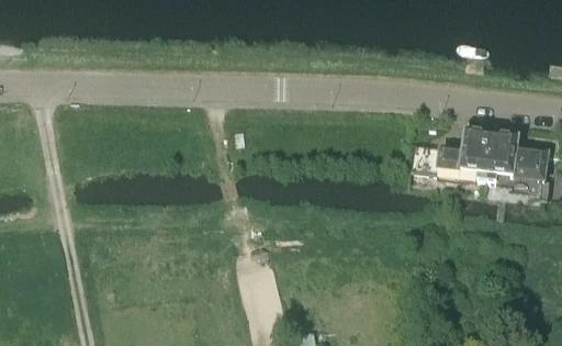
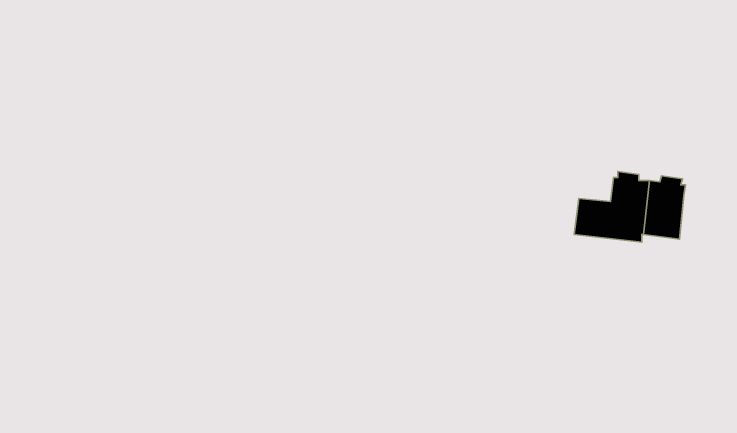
building: [474,147,537,186] -> none

